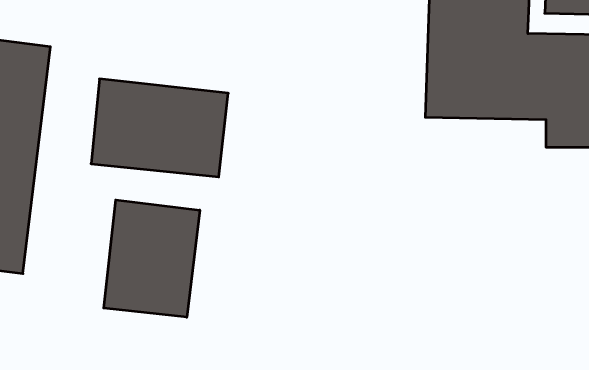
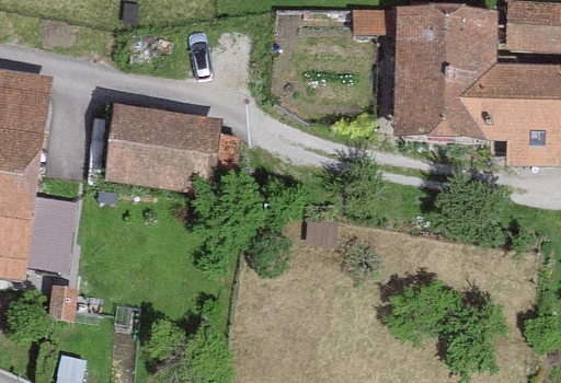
building: [104,200,200,317] -> none

